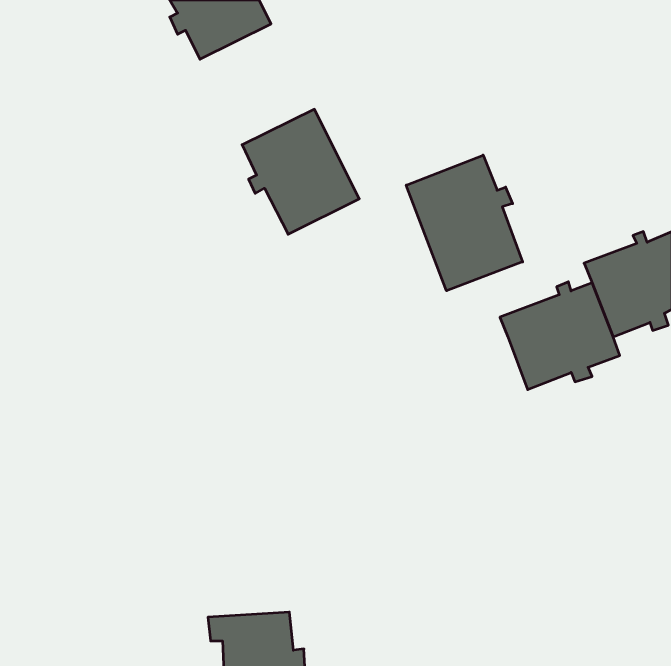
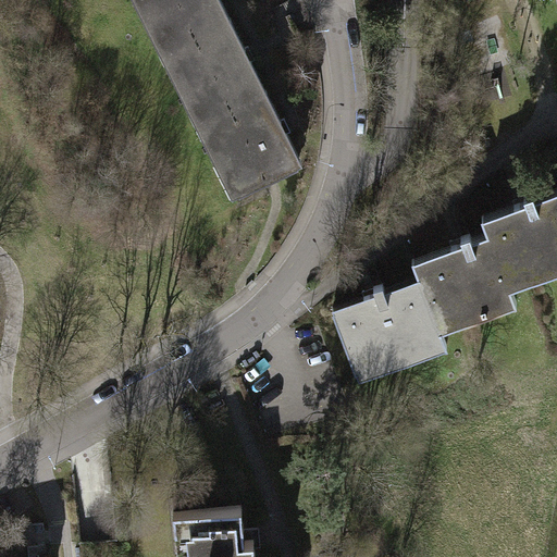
building: none -> [166,25,261,125]
building: [406,155,523,291] -> none
building: none -> [335,284,443,373]

